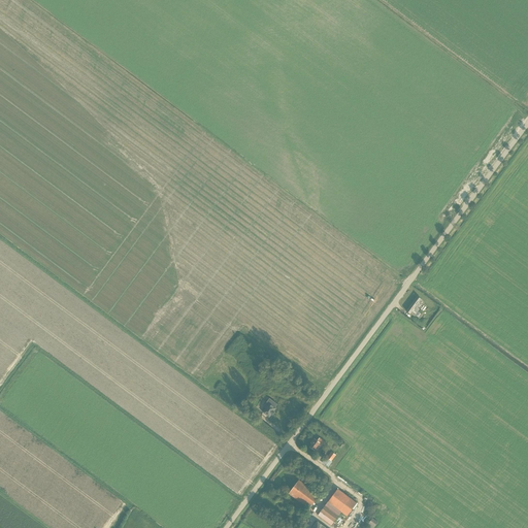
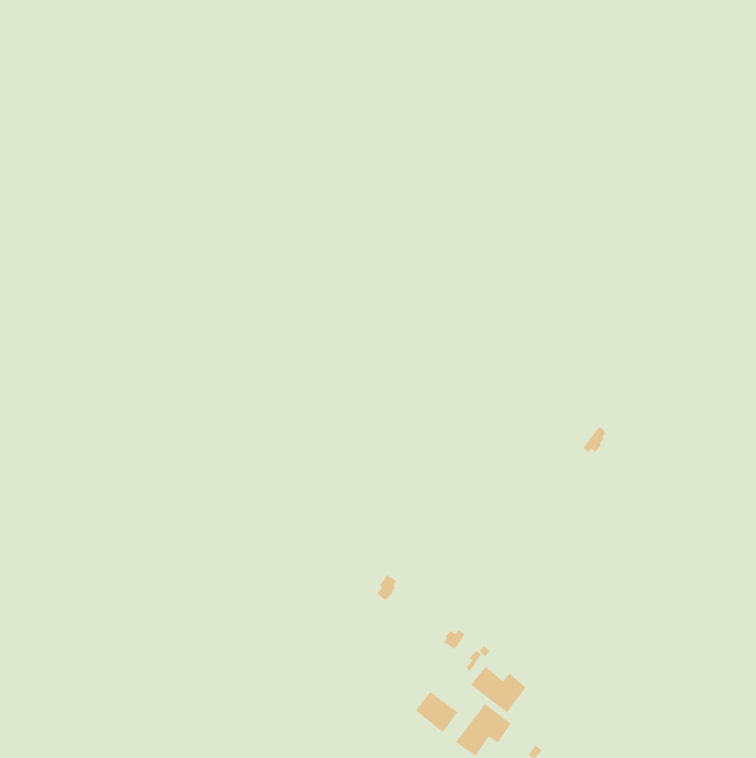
building: none -> [470,666,527,713]

